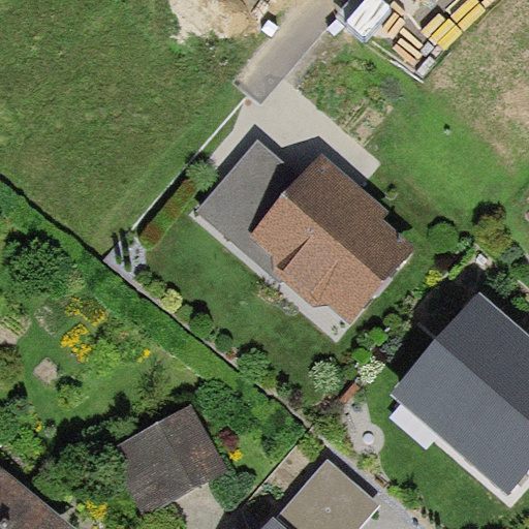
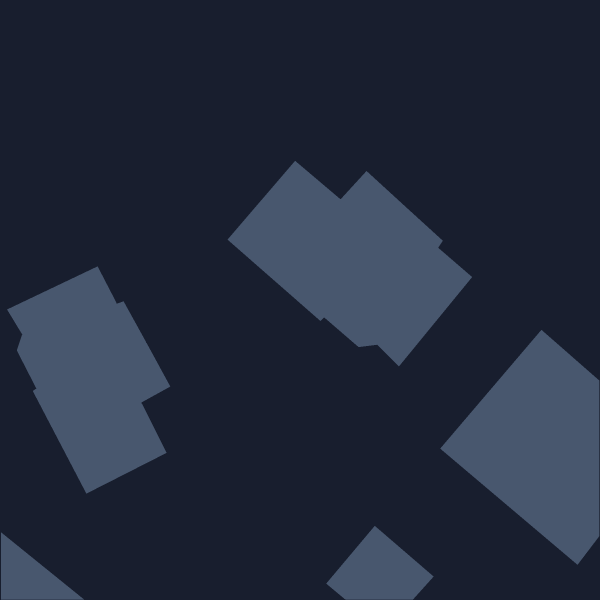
building: none -> [6,265,171,494]
building: [100,409,224,521] -> none

